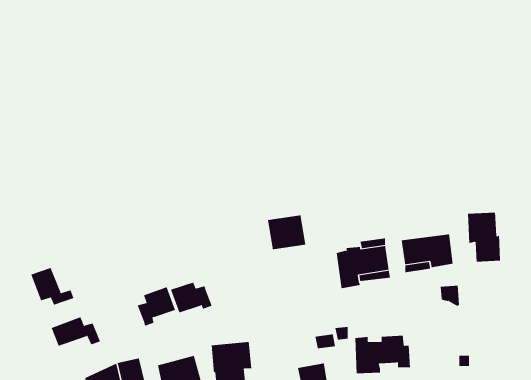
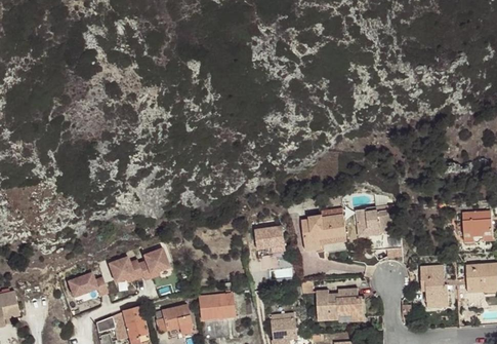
building: [467,212,501,262] -> [420,266,448,307]
building: [267,215,306,250] -> [254,227,286,256]
building: [31,267,74,306] -> none
building: [170,282,213,313] -> [109,258,143,283]

